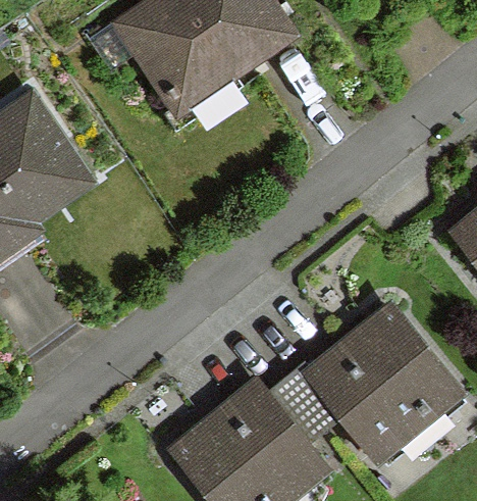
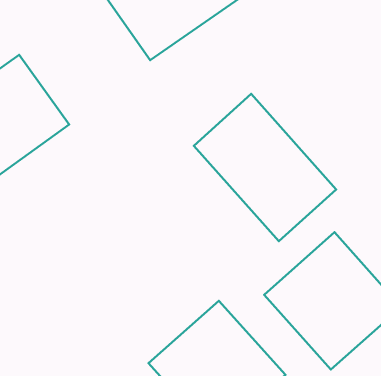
building: none -> [194,94,336,241]

